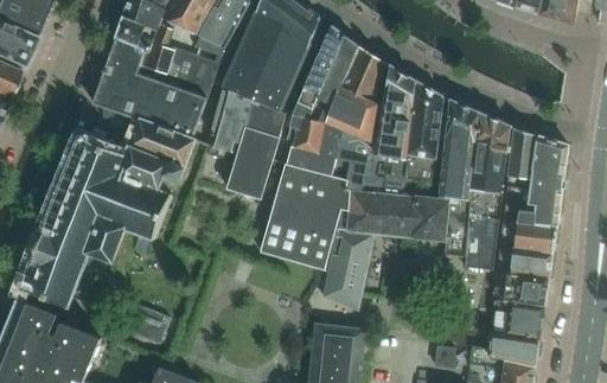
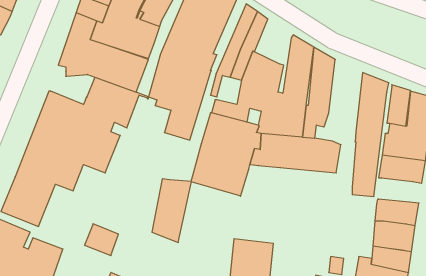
building: [340,46,385,103] -> none
building: [439,101,477,258] -> none
building: [293,117,324,154] -> none
building: [322,230,372,311] -> [152,179,191,243]
building: [497,247,551,279] -> none

